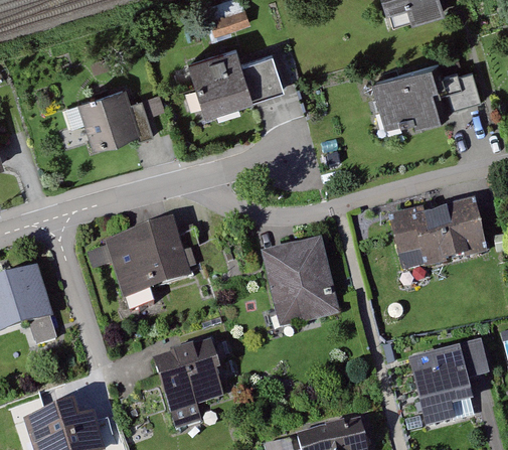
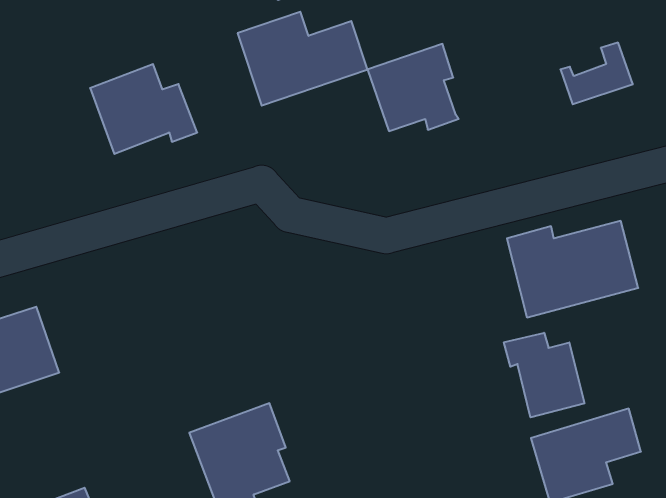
building: [371,59,440,125] -> [367,44,459,131]
building: [104,215,191,297] -> none
building: [261,236,342,327] -> none
building: none -> [504,333,584,417]

